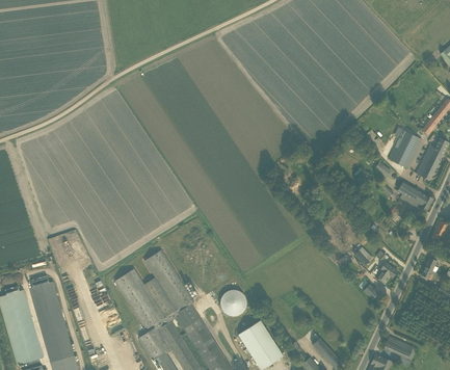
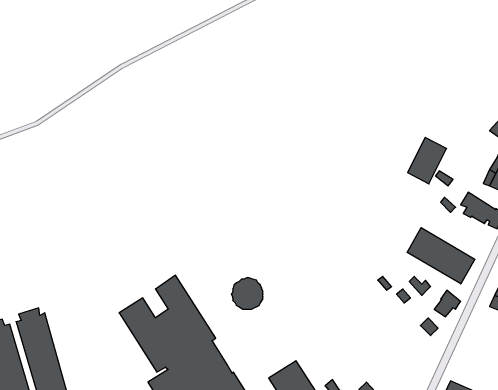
building: [388,129,420,167] -> [408,137,447,184]
building: none -> [407,228,475,284]
building: [220,289,246,315] -> [231,278,263,309]

